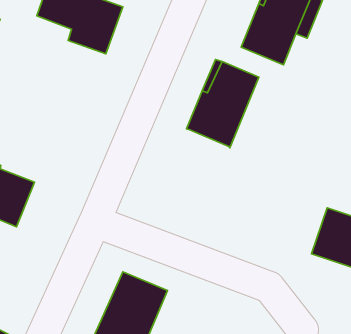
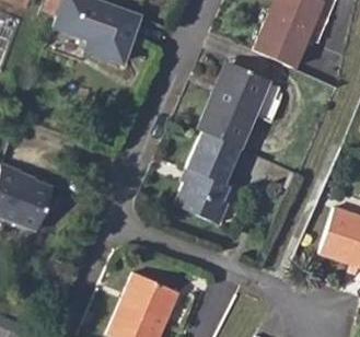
building: none -> [176,133,240,228]

